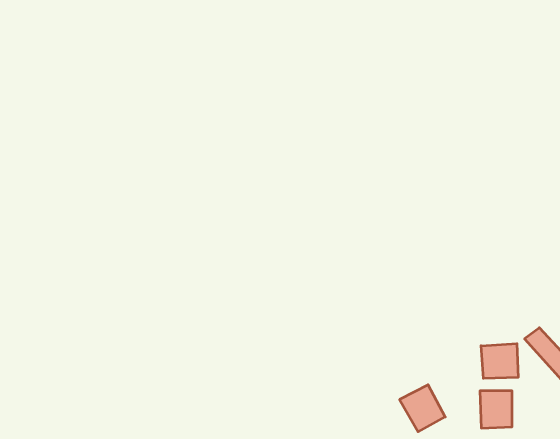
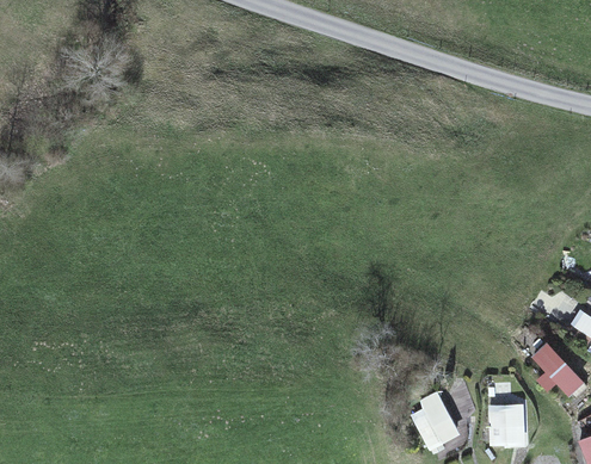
building: [481,344,518,378] -> none

